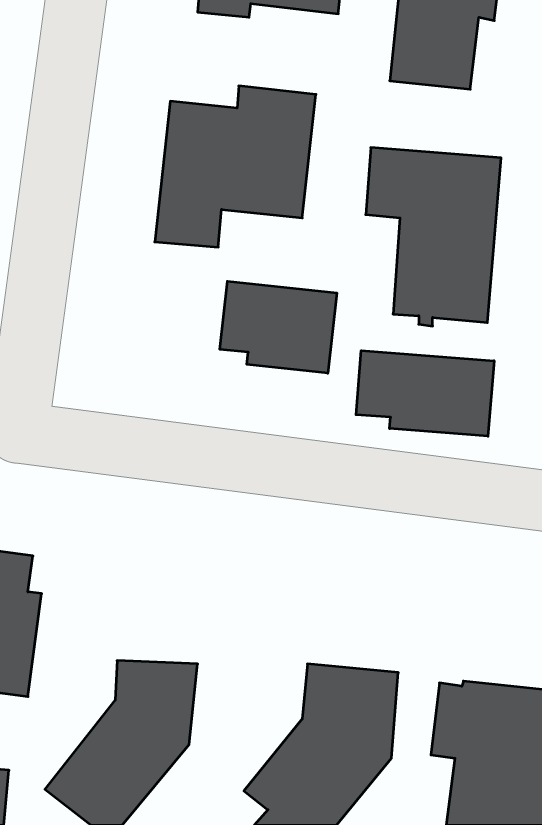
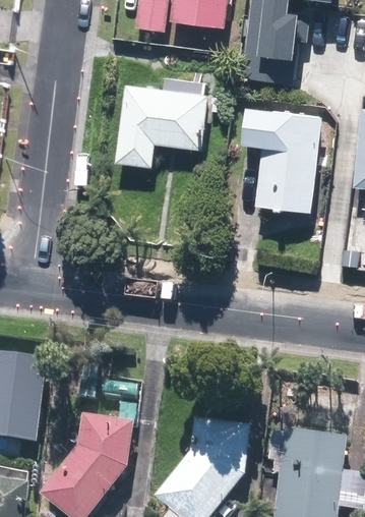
building: [220,281,337,373] -> none
building: [356,351,494,436] -> none

